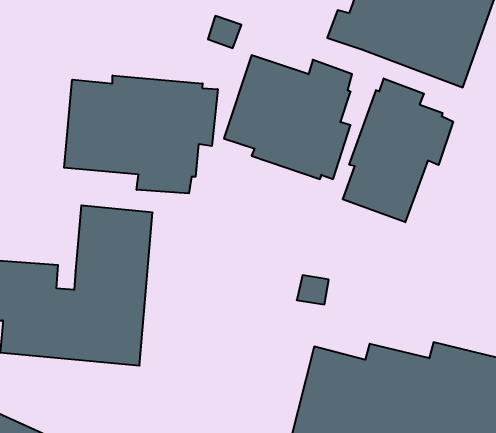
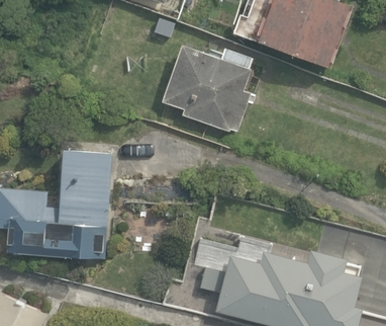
building: [64,75,218,193] -> none
building: [343,78,453,222] -> none

